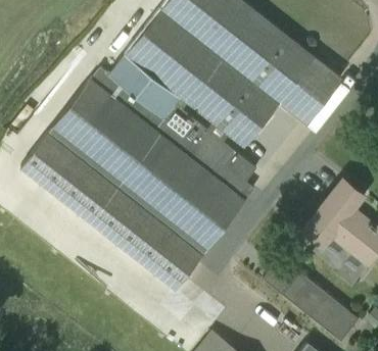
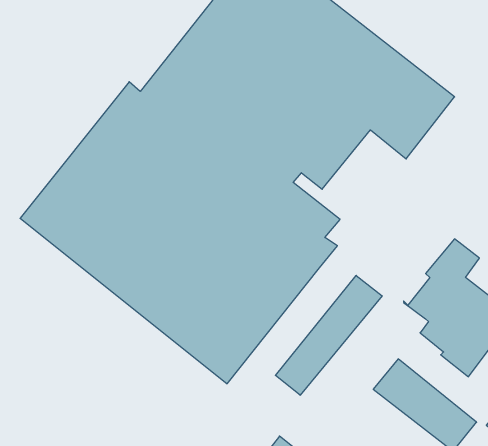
building: none -> [275,275,382,395]

